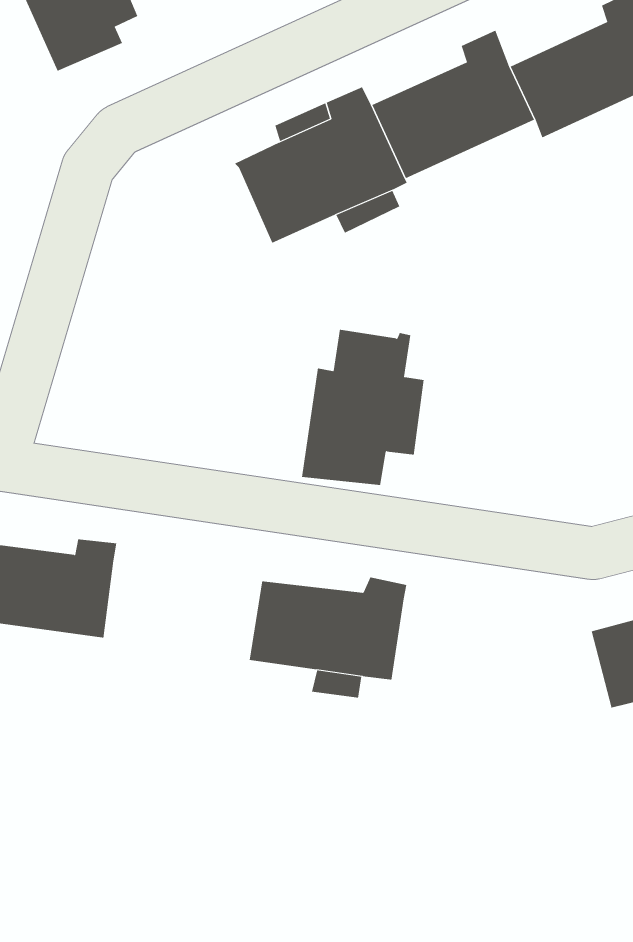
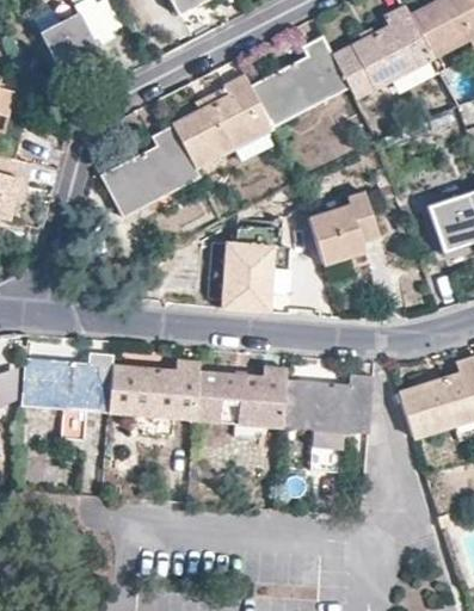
building: none -> [101,125,199,216]
building: none -> [309,193,376,264]
building: none -> [109,358,202,419]
building: none -> [282,374,373,470]

